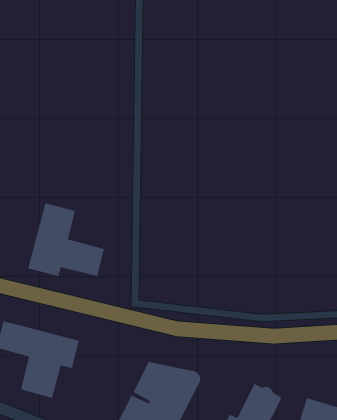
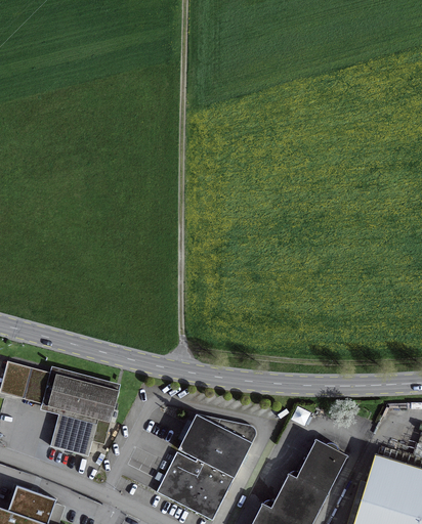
building: [28,203,104,277] -> none

